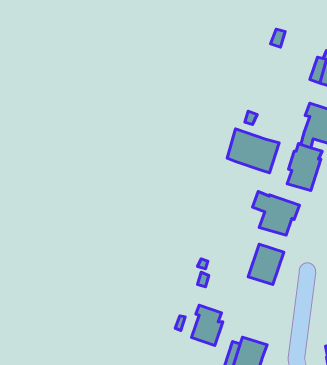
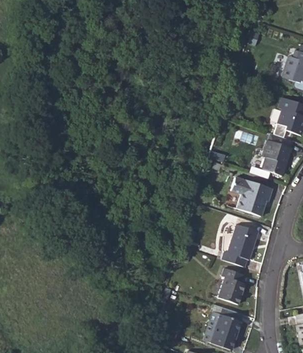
building: [227,129,279,173] -> none
building: [191,305,223,345] -> [218,267,246,303]

